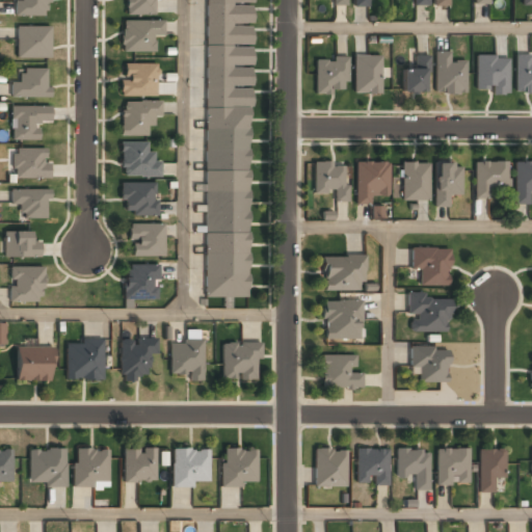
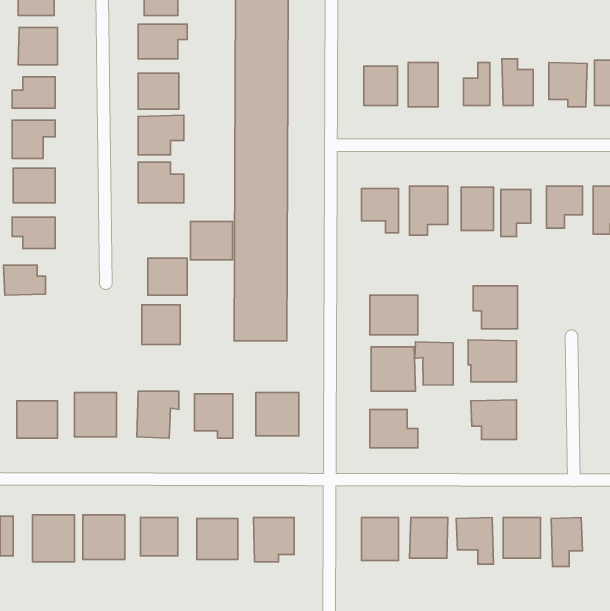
building: [124,182,160,215] -> [190,221,232,260]
building: [11,269,43,300] -> none
building: none -> [415,342,453,385]

